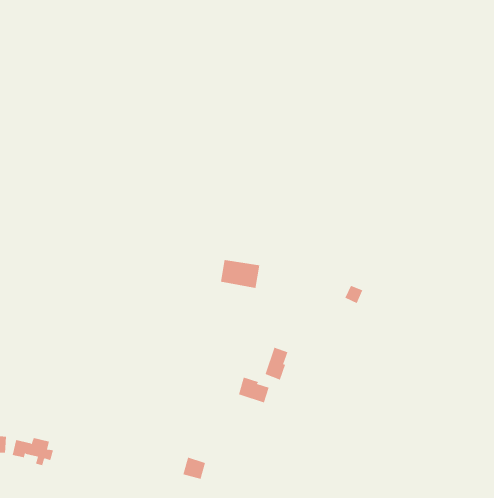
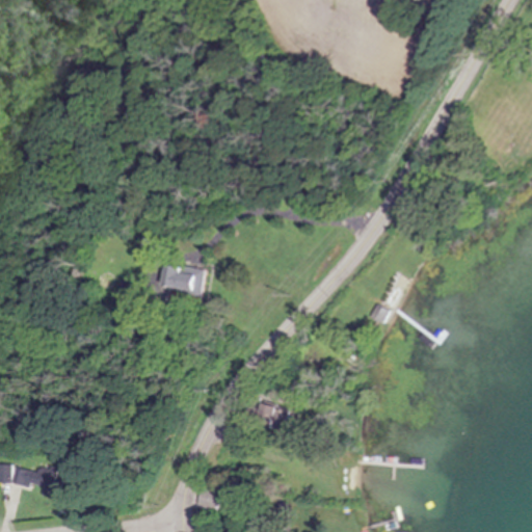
building: [220,259,260,289] -> [161,263,204,294]
building: [265,347,288,381] -> none

